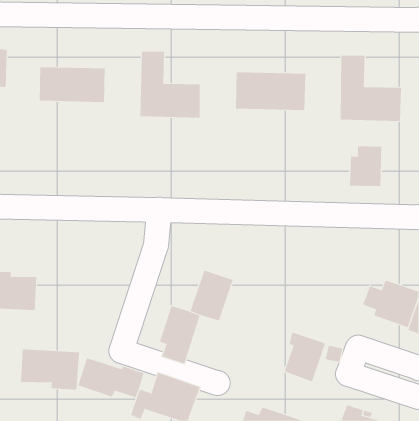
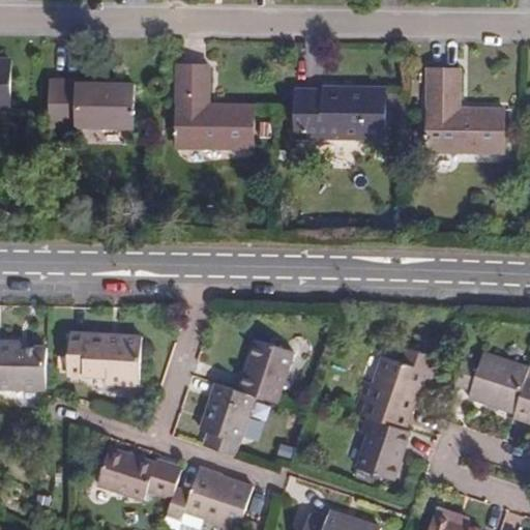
building: [350,145,382,187] -> none
building: none -> [353,346,436,429]
building: [20,349,80,390] -> [66,333,141,385]

